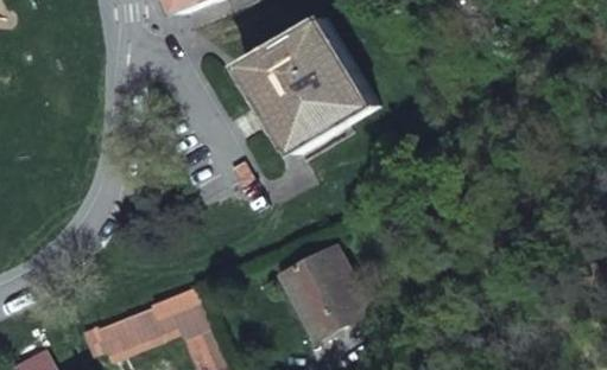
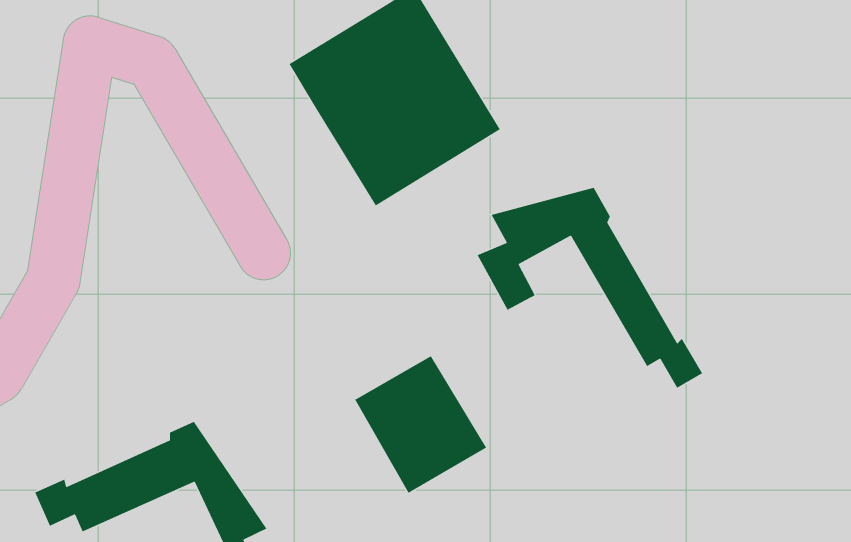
building: none -> [476,187,703,389]

